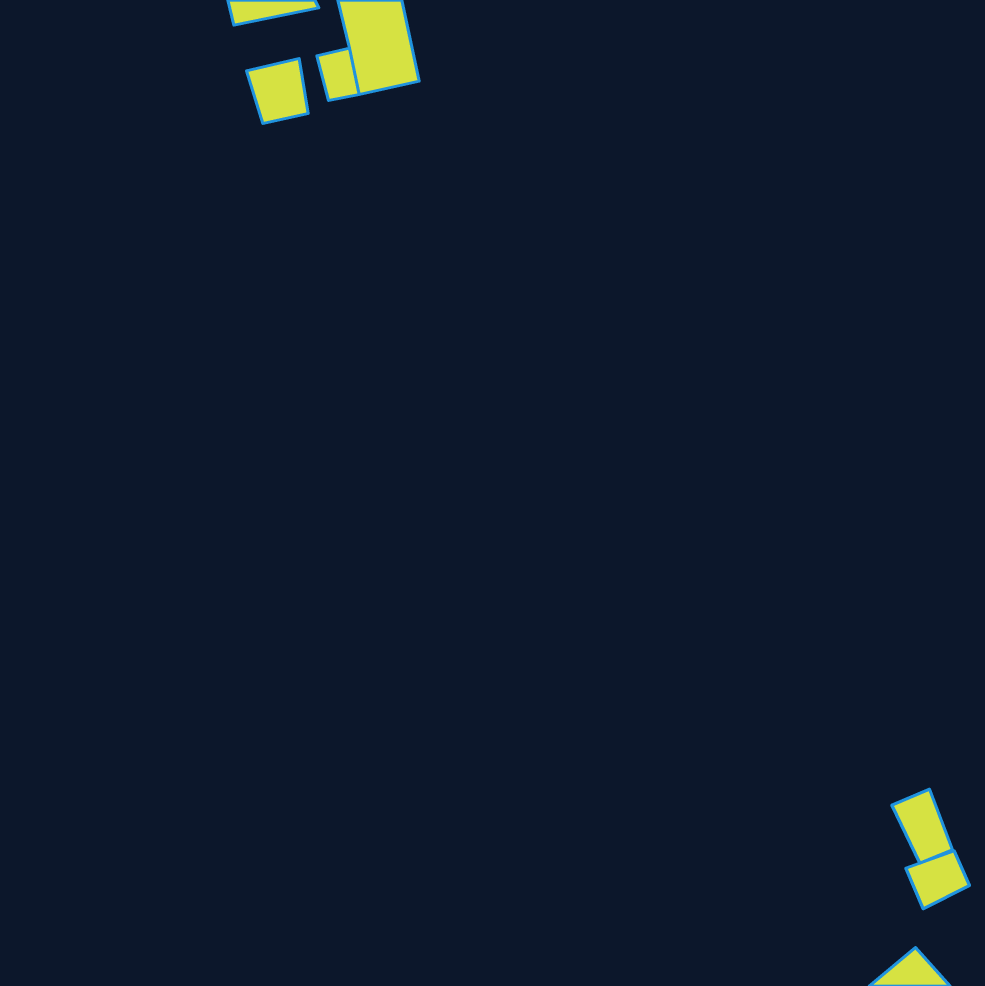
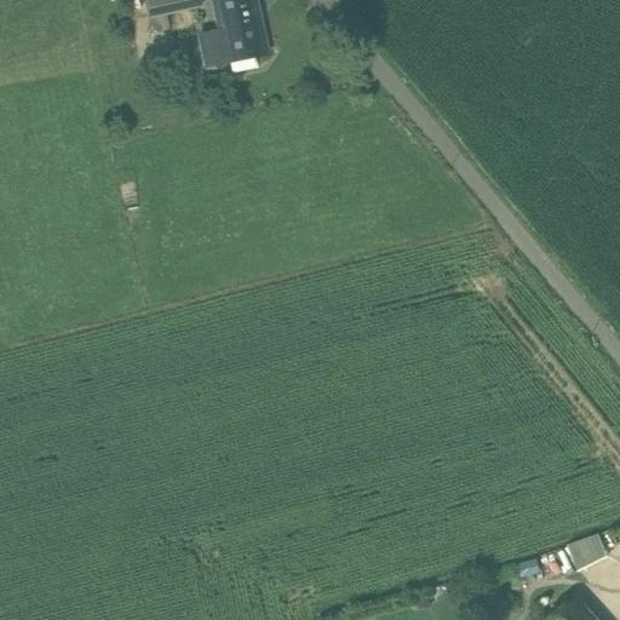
building: [247,59,308,124] -> none
building: [892,789,952,863] -> none

